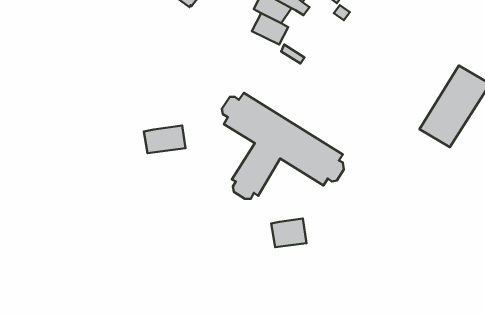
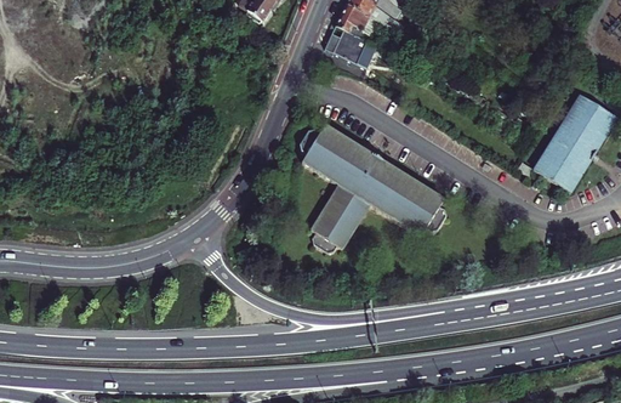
building: [144,125,185,153] -> none
building: [271,218,306,247] -> none

